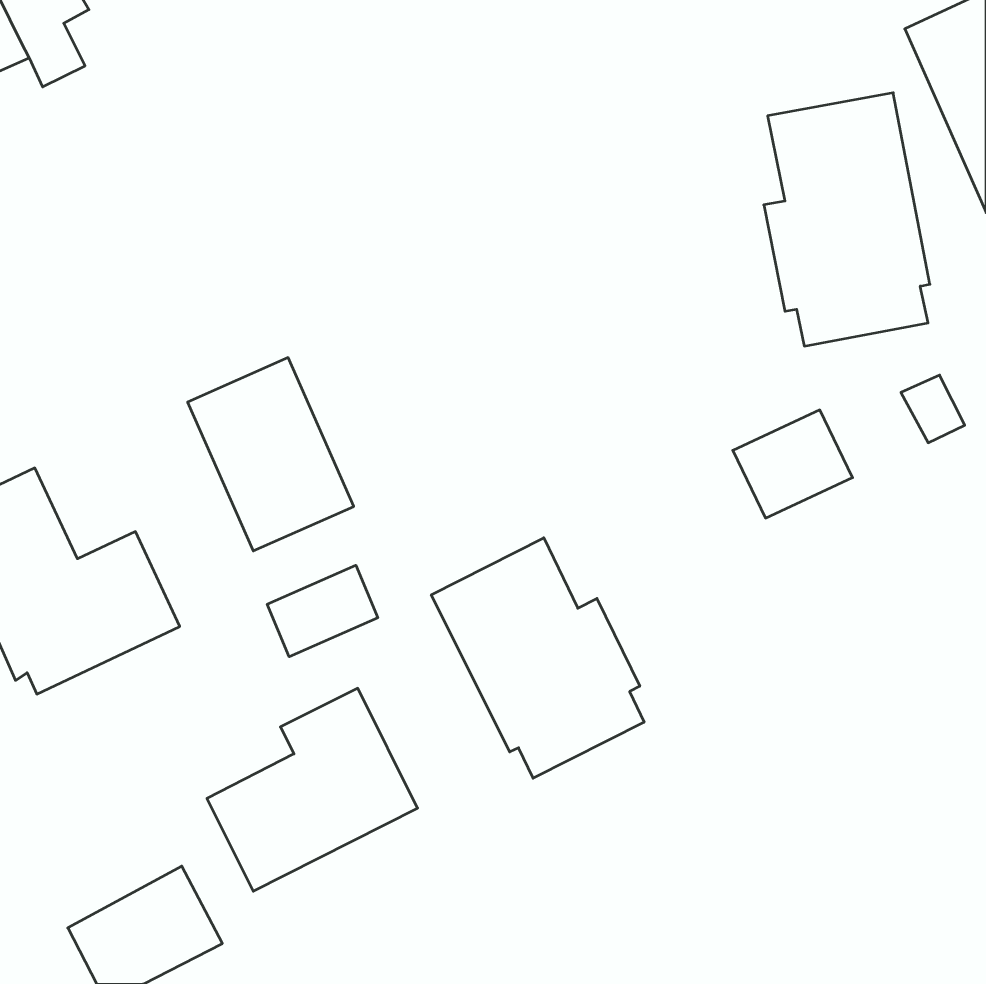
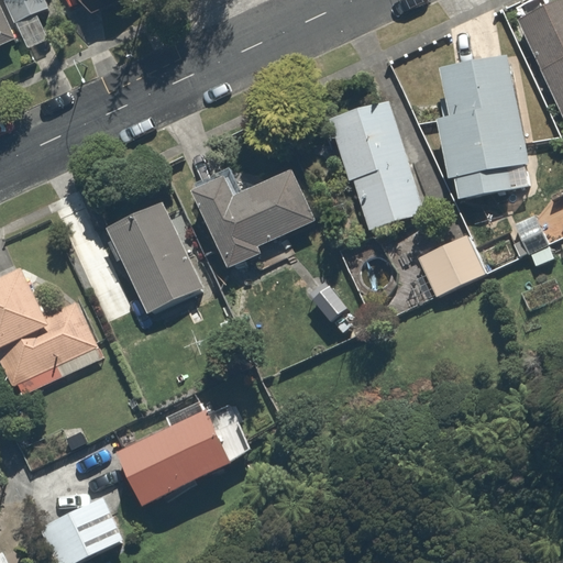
building: none -> [332,103,423,230]
building: none -> [190,166,316,266]
building: [431,538,644,778] -> none
building: [267,565,378,657] -> none

